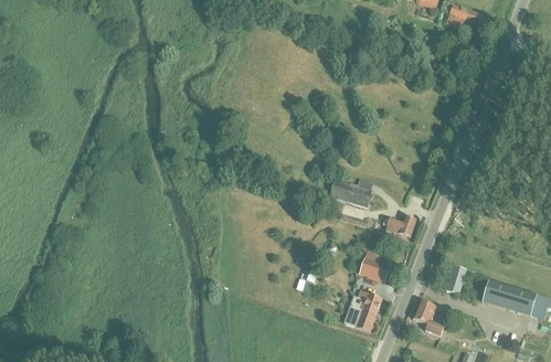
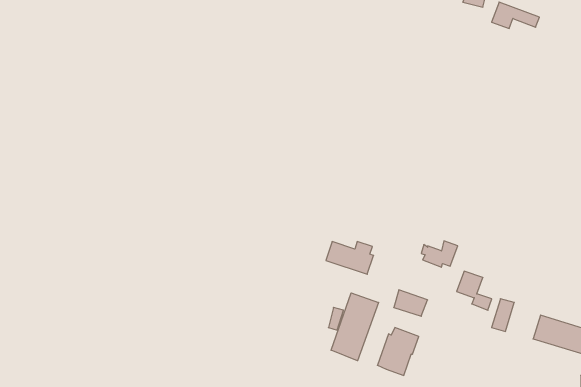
building: [329,178,371,206] -> [326,242,374,274]
building: none -> [331,293,379,361]
building: [412,300,443,334] -> [457,271,492,310]

